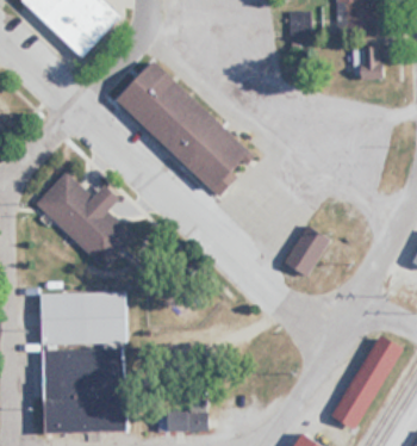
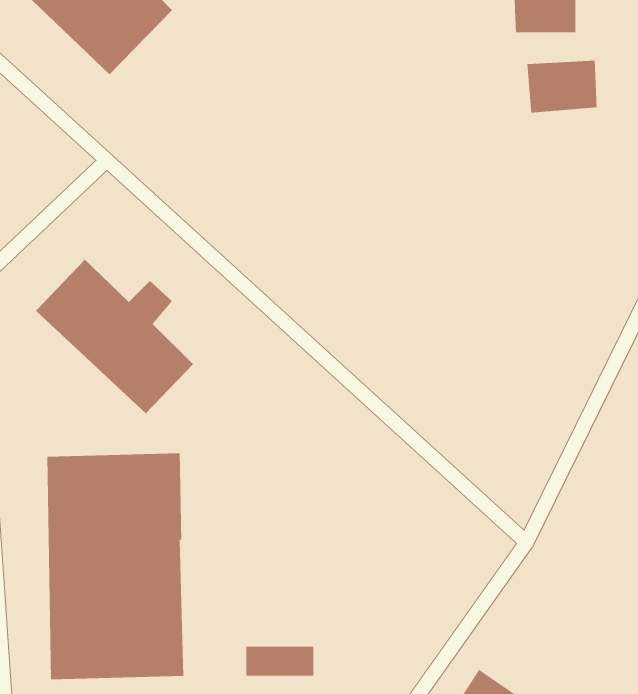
building: [117,60,256,193] -> none
building: [282,223,330,277] -> none
building: [334,334,404,429] -> none

